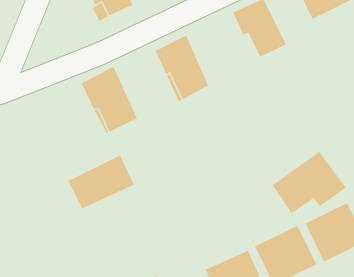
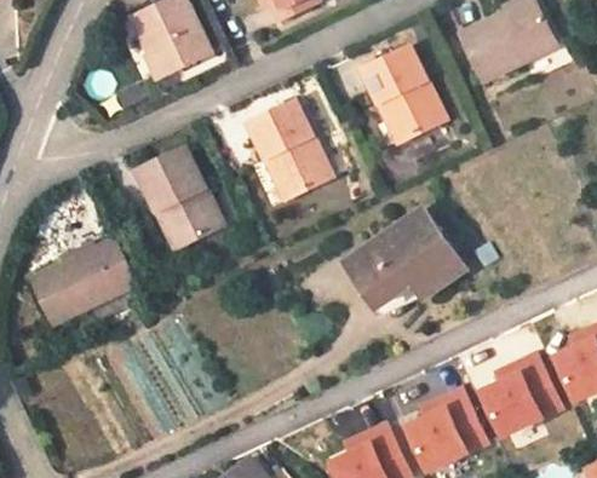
building: [272,151,347,214] -> [351,213,464,307]
building: [67,154,134,209] -> [30,241,131,323]

